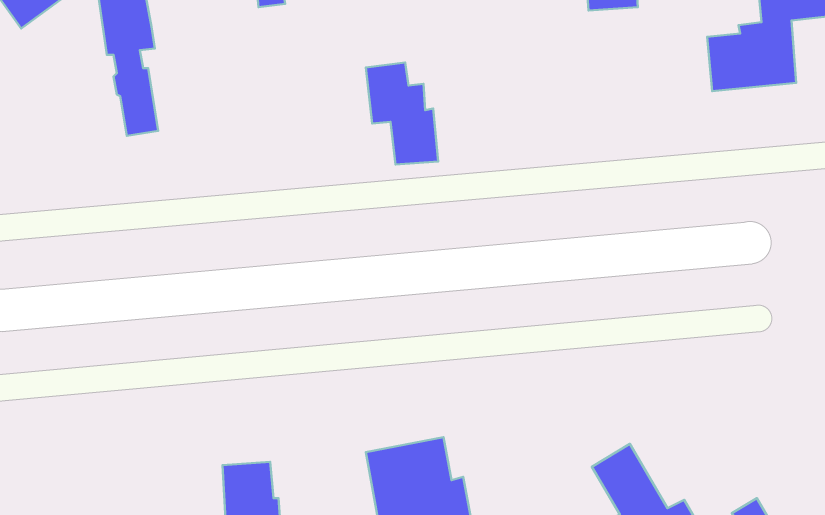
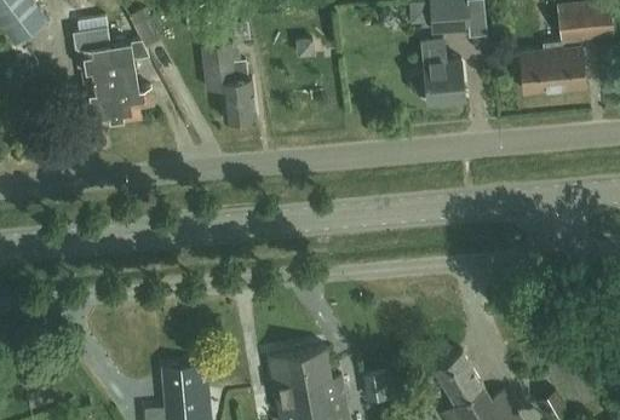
building: none -> [104,41,155,122]
building: none -> [412,41,466,105]
building: [366,62,438,165] -> [203,46,257,121]

